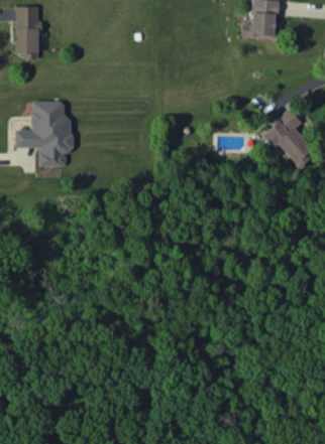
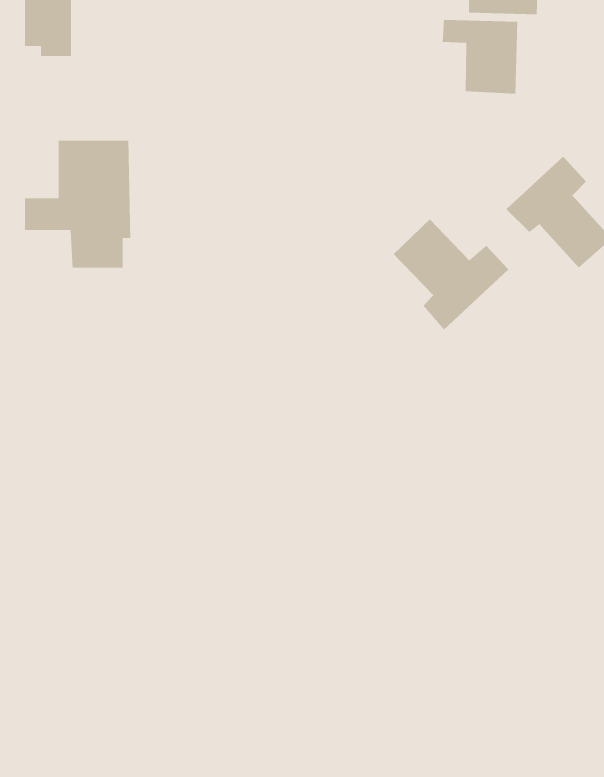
building: none -> [442,19,518,94]
building: none -> [393,218,509,331]

